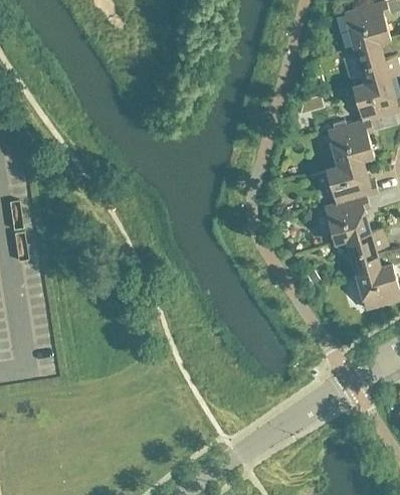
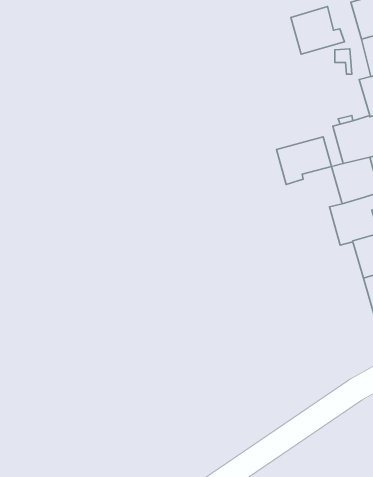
building: none -> [291,7,344,54]
building: none -> [277,137,332,184]

